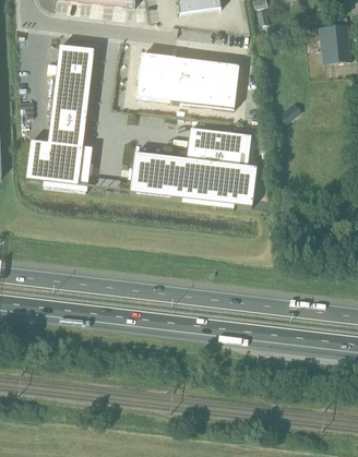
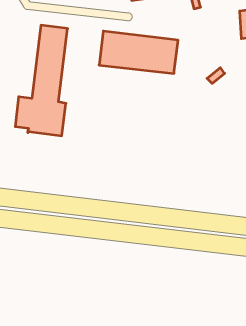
building: [130,128,255,208] -> none

